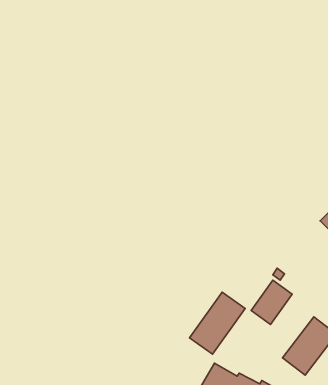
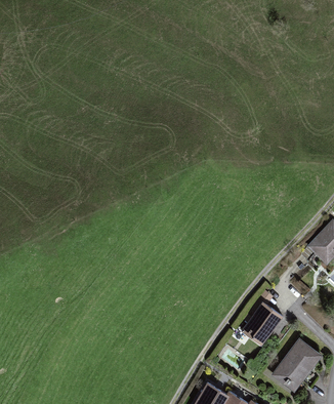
building: [189,292,245,354] -> none

